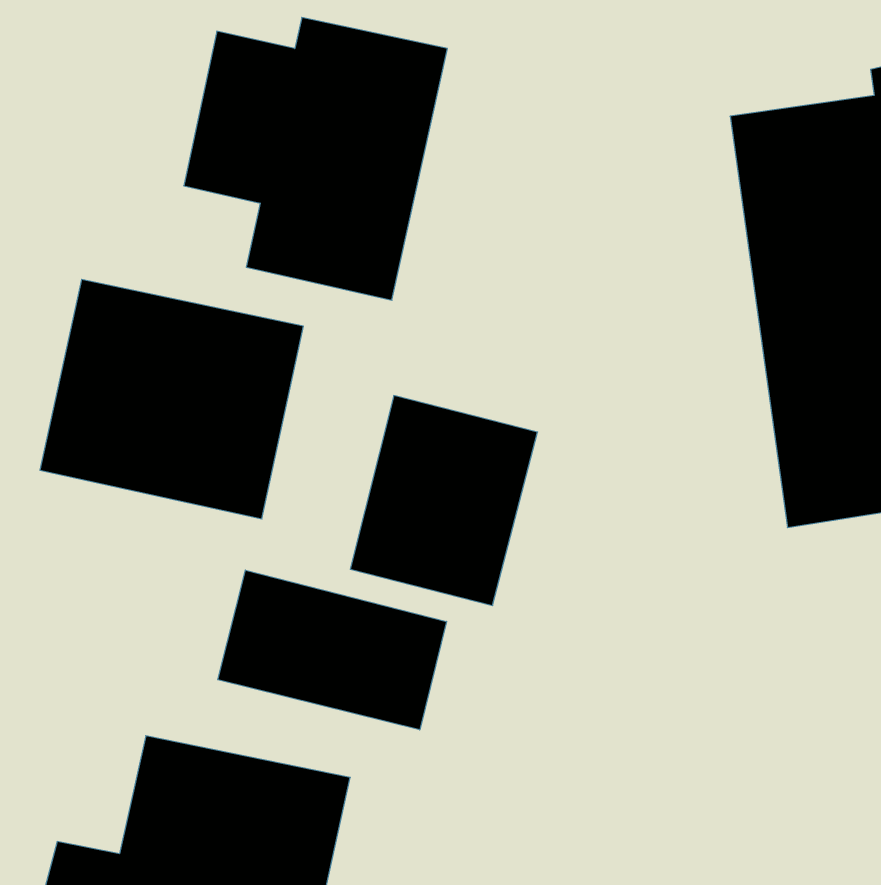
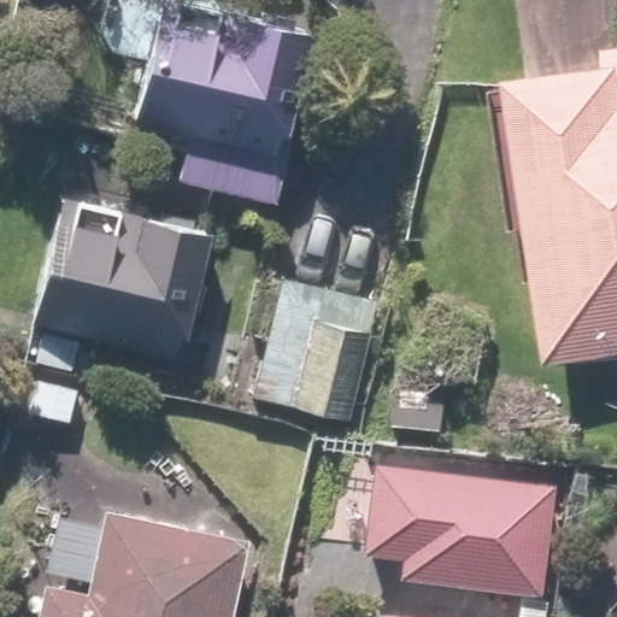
building: [218,570,447,730] -> none
building: none -> [360,463,558,597]

